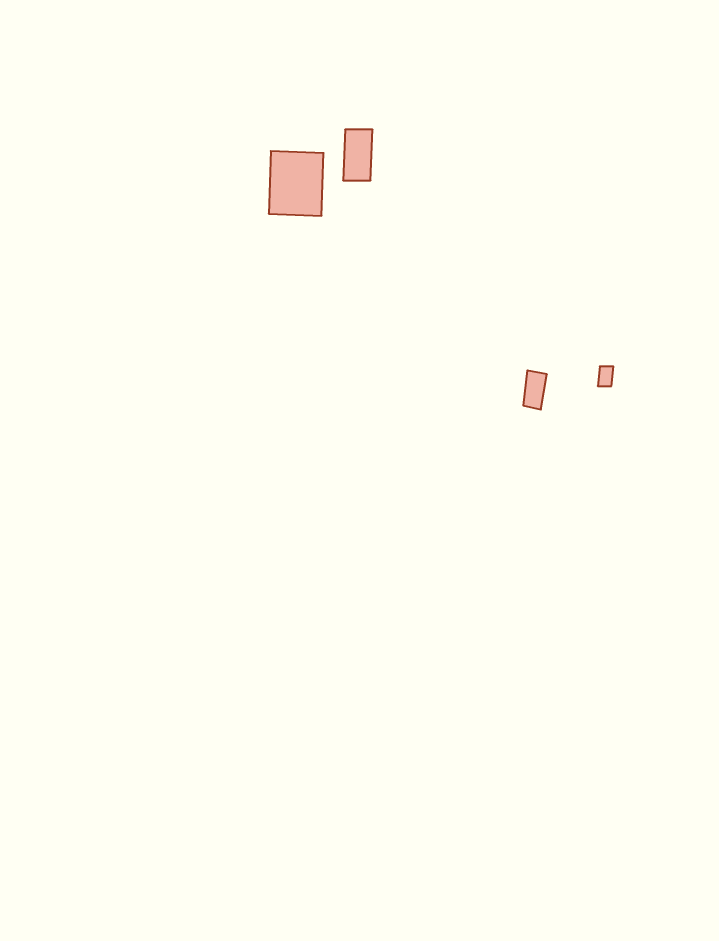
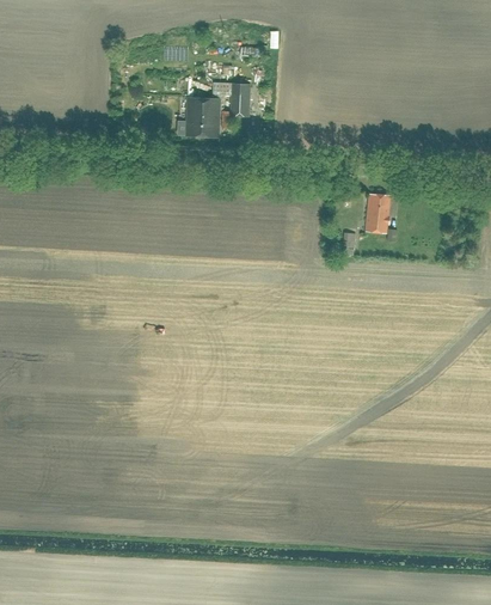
building: none -> [366,192,391,232]

